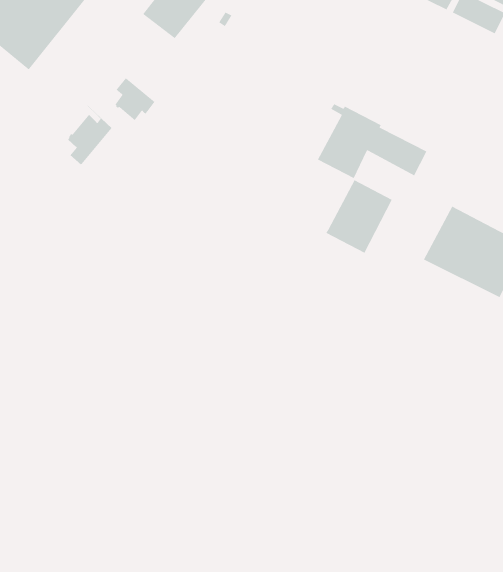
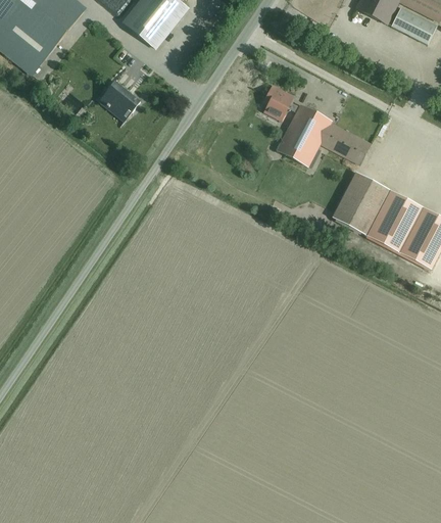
building: none -> [262,85,292,121]
building: [67,103,112,165] -> none
building: [325,179,393,254] -> [331,171,388,234]

